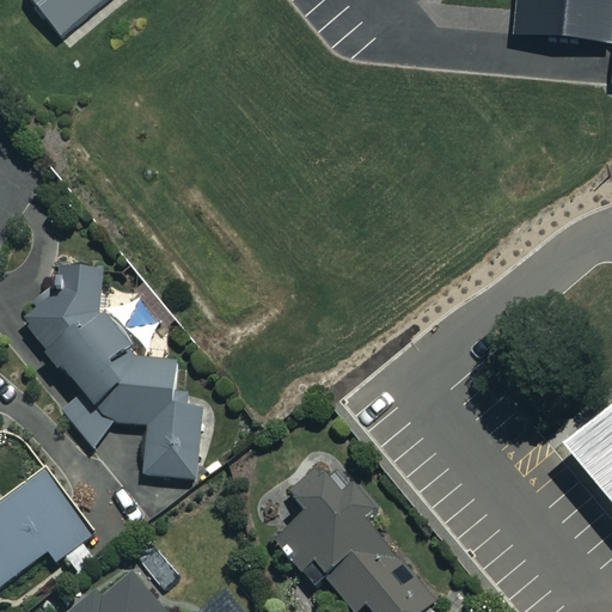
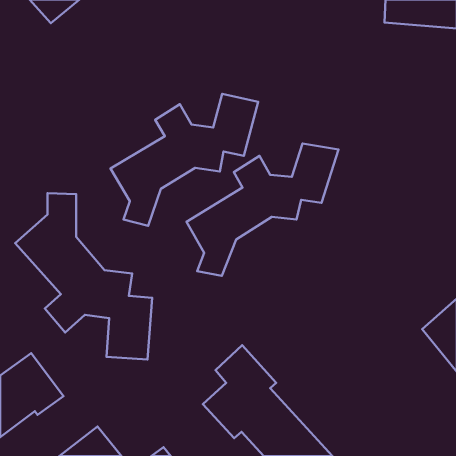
building: none -> [111,94,258,226]
building: none -> [187,143,339,276]

